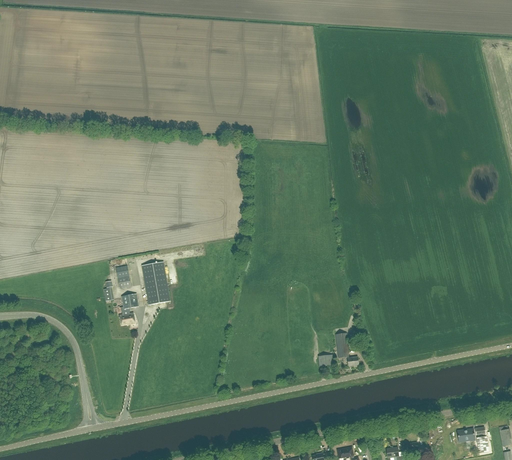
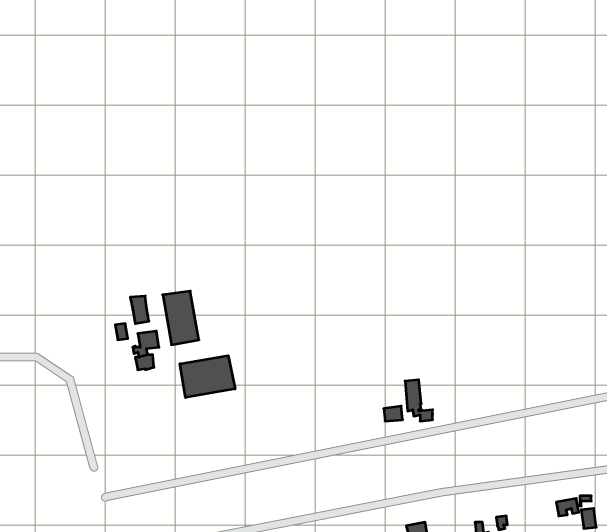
building: none -> [180,356,235,398]

